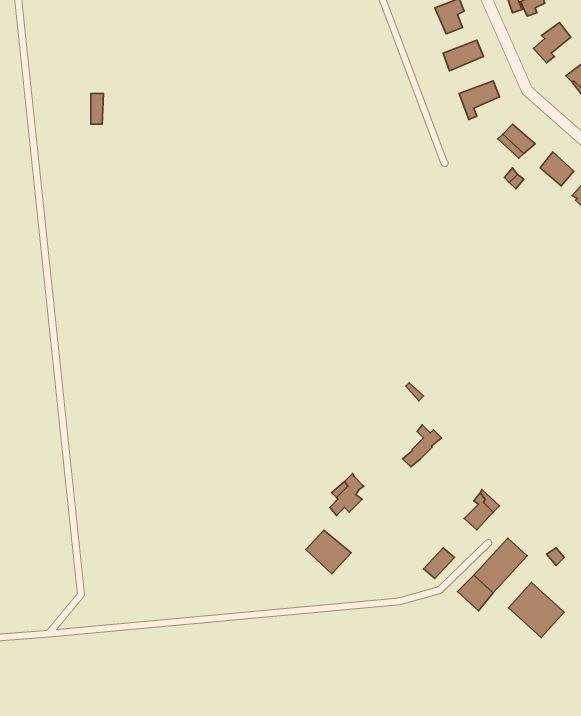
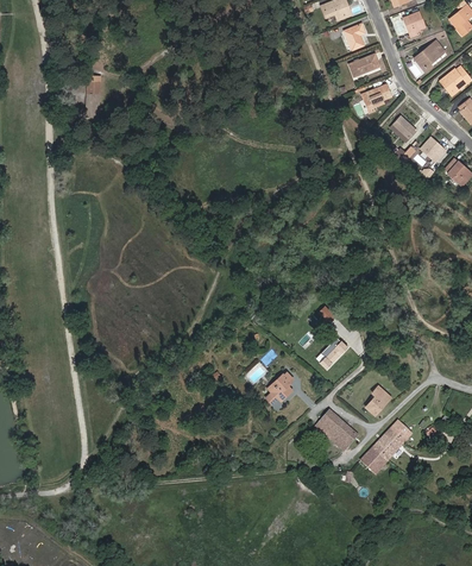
building: [306,530,351,574] -> [316,411,350,444]
building: [508,582,564,637] -> none

